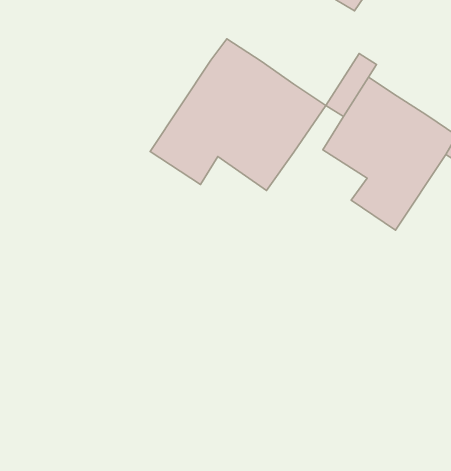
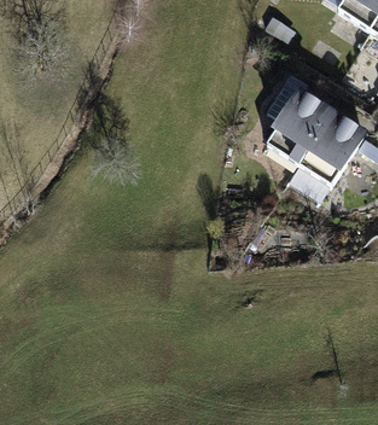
building: [150,39,326,190] -> none

